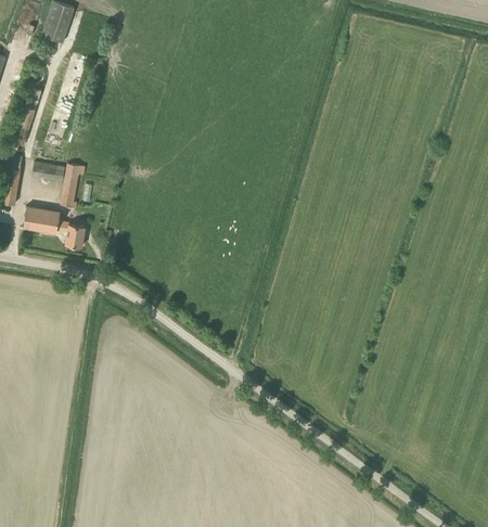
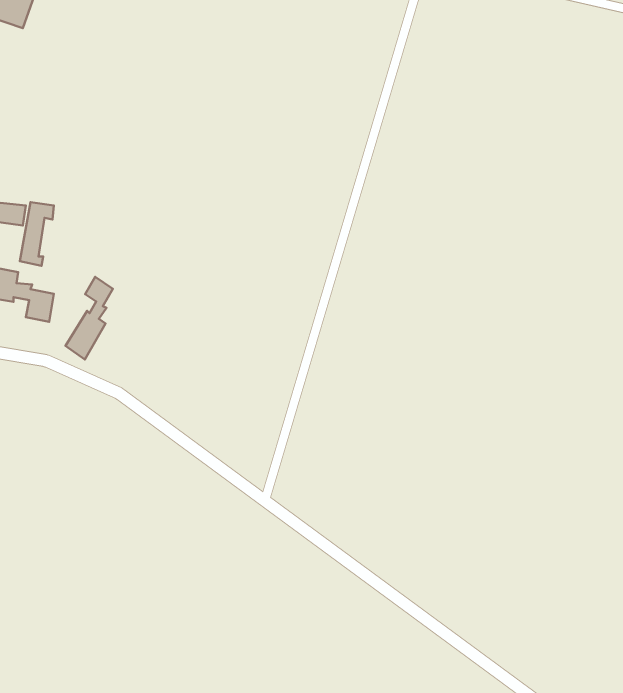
building: none -> [65,277,113,360]

